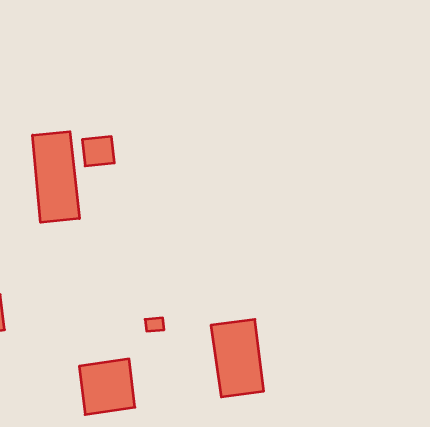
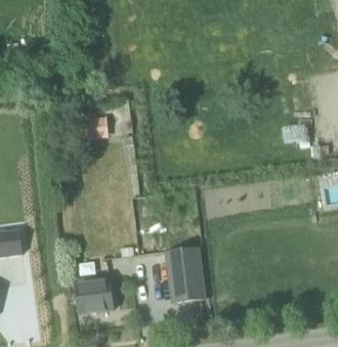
building: [33,132,79,222] -> none

